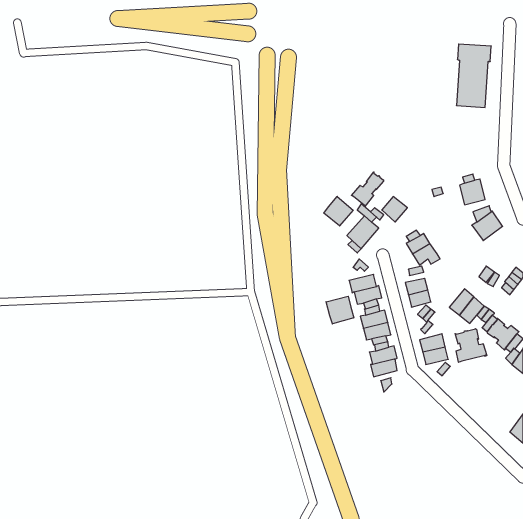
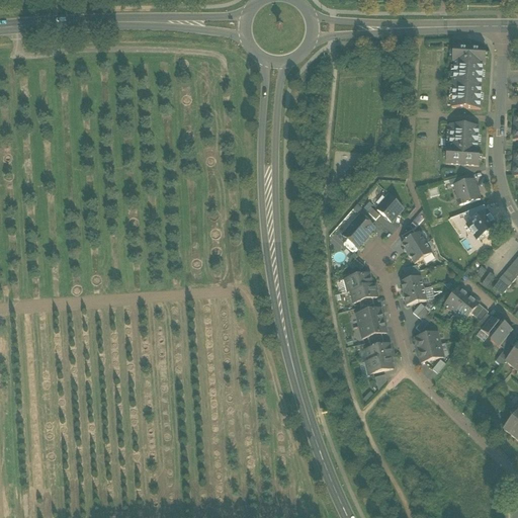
building: none -> [446,122,479,163]
building: [351,172,384,207] -> none
building: [324,196,353,226] -> none
building: [326,296,354,324] -> none
building: [455,329,487,362] -> none

